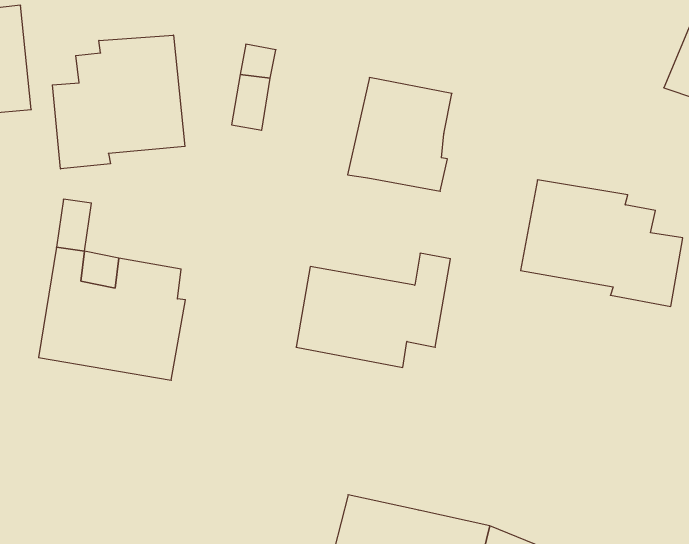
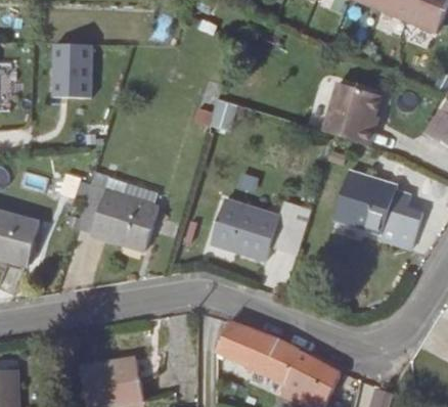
building: [52,35,185,169] -> none
building: [348,78,452,191] -> [324,84,385,148]

